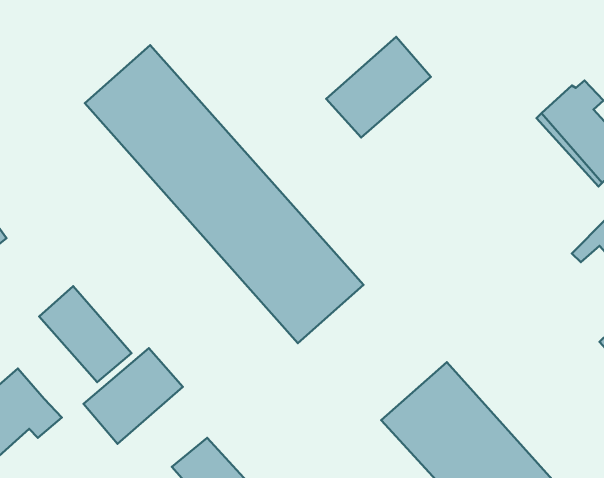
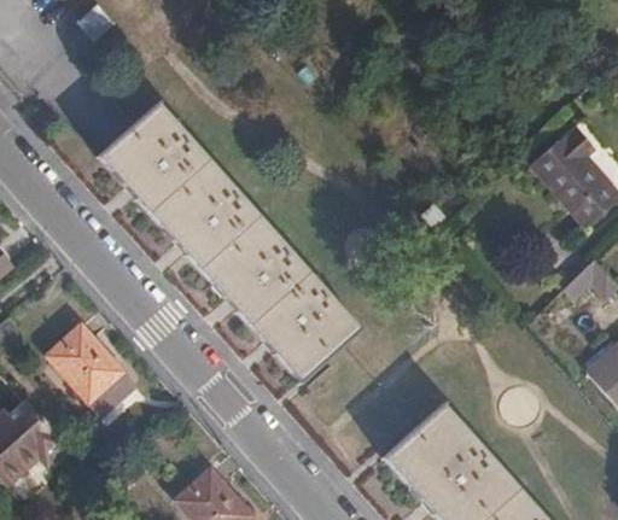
building: [326,37,431,137] -> none
building: [83,348,183,444] -> none

